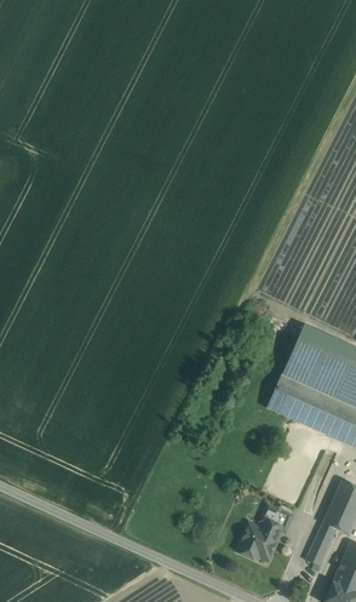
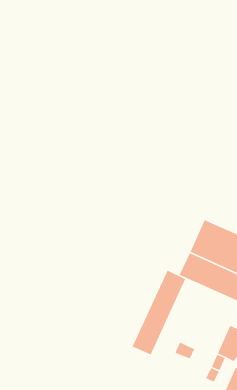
building: none -> [132,270,186,355]
building: [237,522,281,560] -> none

